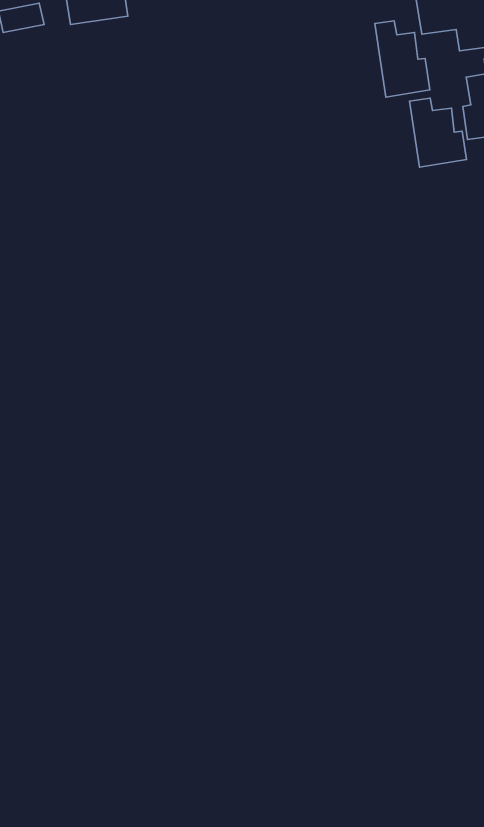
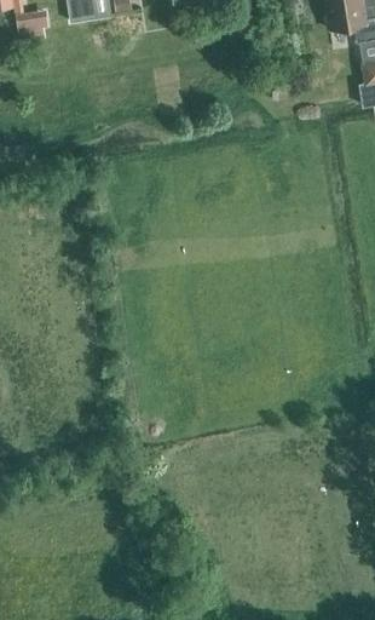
building: [375,21,430,97] -> none
building: [410,98,466,167] -> none

